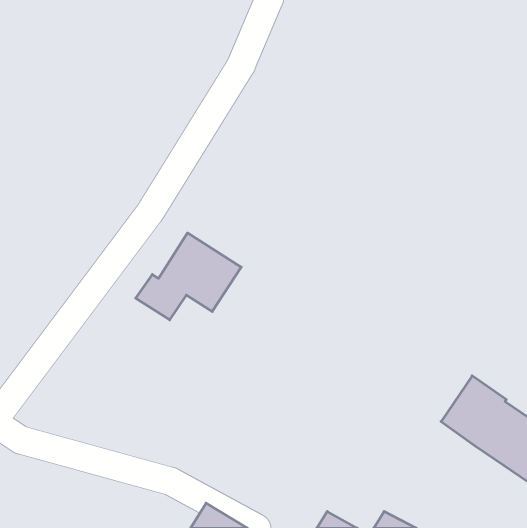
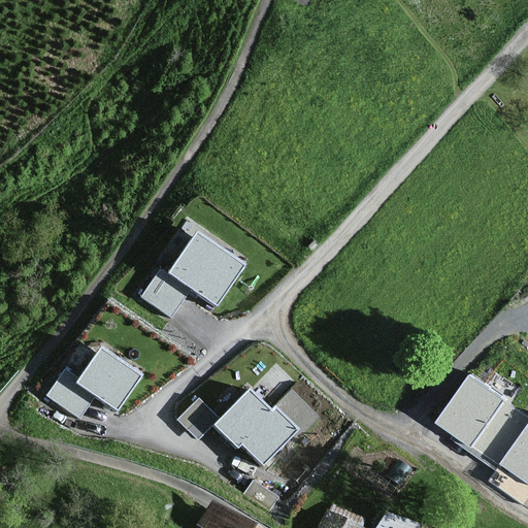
building: none -> [45,352,134,420]
building: none -> [182,388,300,462]

